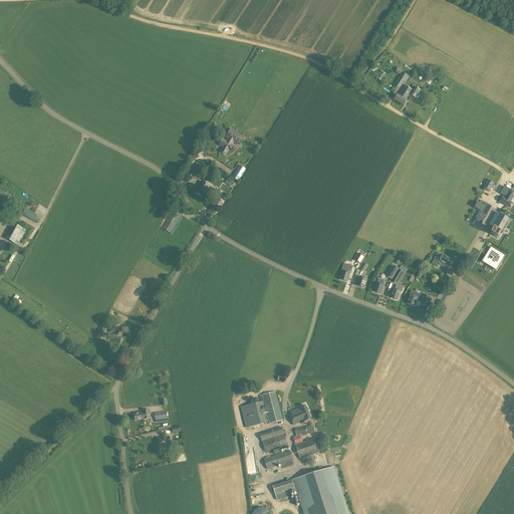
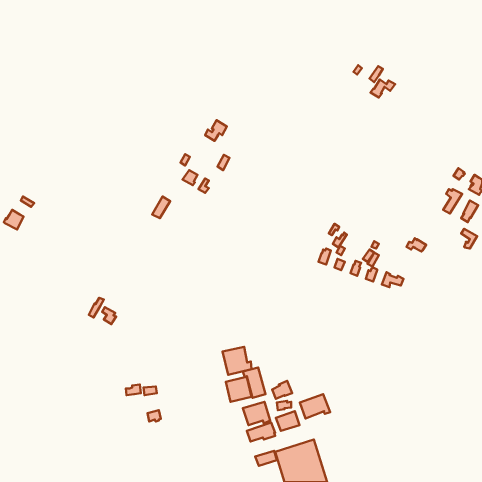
building: none -> [223,347,252,375]
building: none -> [300,394,330,419]

